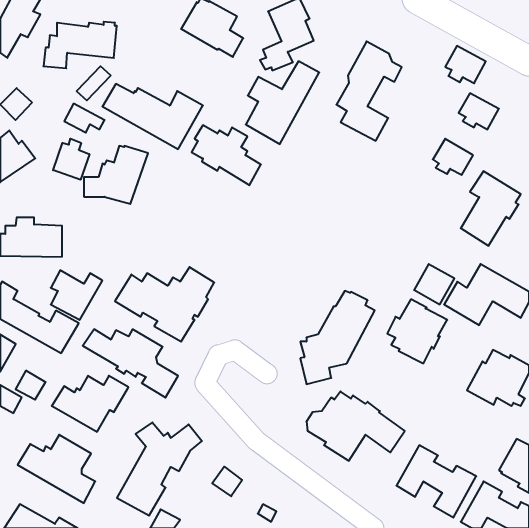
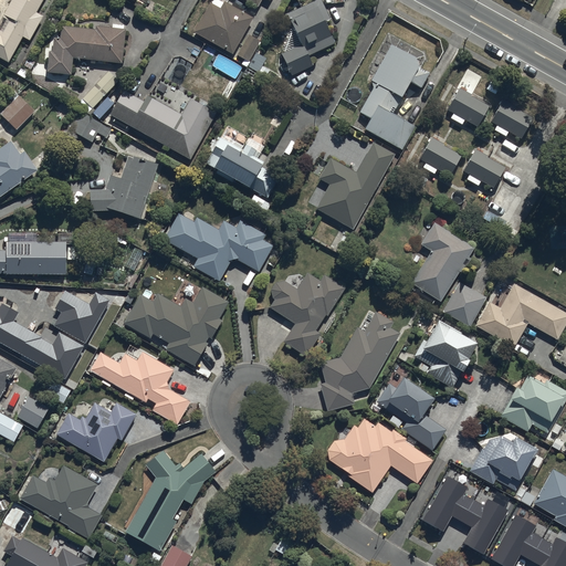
building: [445,46,486,83] -> [447,86,490,126]
building: [246,61,319,144] -> [316,142,395,230]
building: none -> [418,136,461,176]
building: [53,139,89,180] -> none
building: [461,171,521,246] -> [410,222,474,302]
building: none -> [163,212,273,281]
building: none -> [269,272,344,355]
building: none -> [375,371,447,450]
building: none -> [470,436,535,490]
building: [212,467,242,496] -> none

